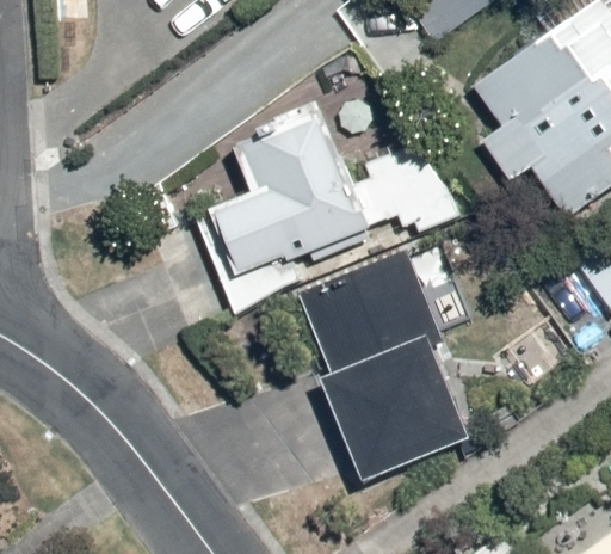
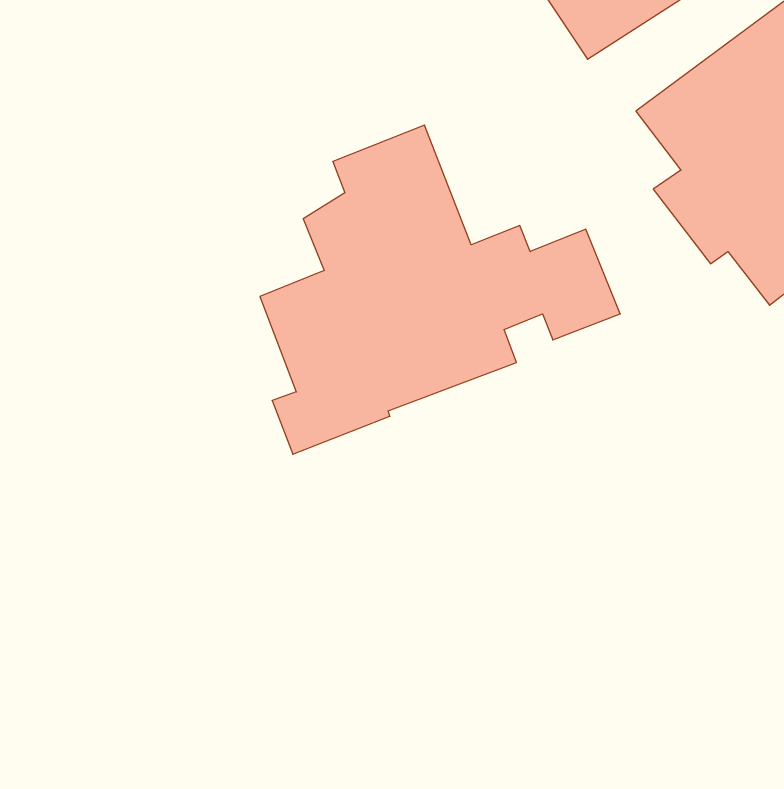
building: [302,251,475,482] -> none

